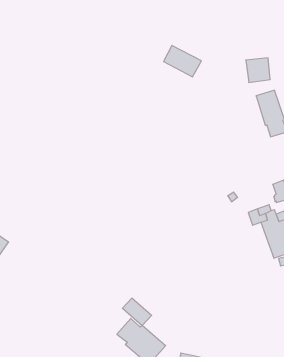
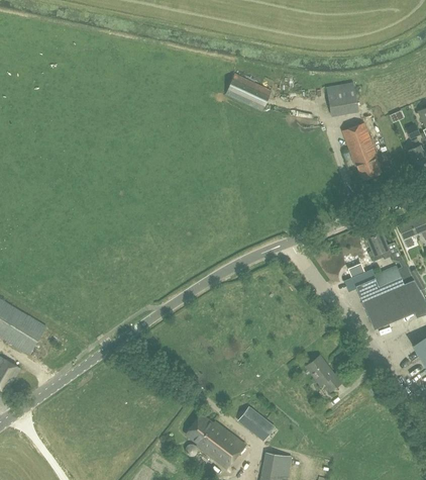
building: none -> [305,356,342,392]
building: [122,298,152,326] -> [238,407,275,441]

